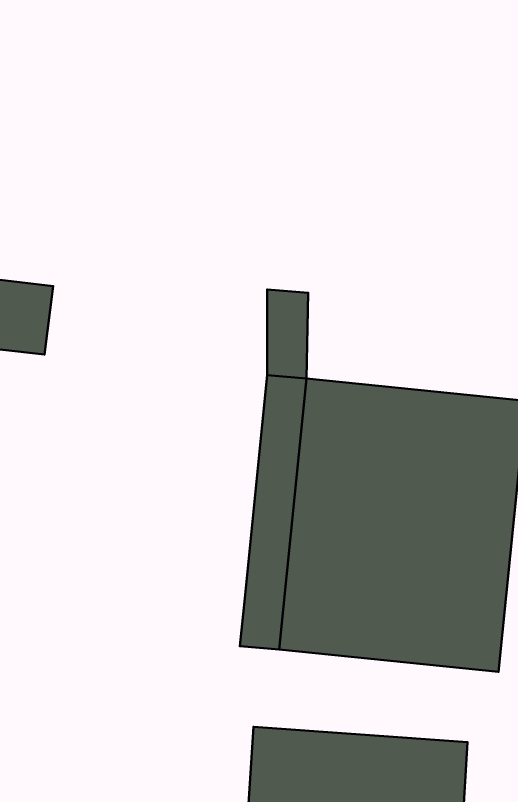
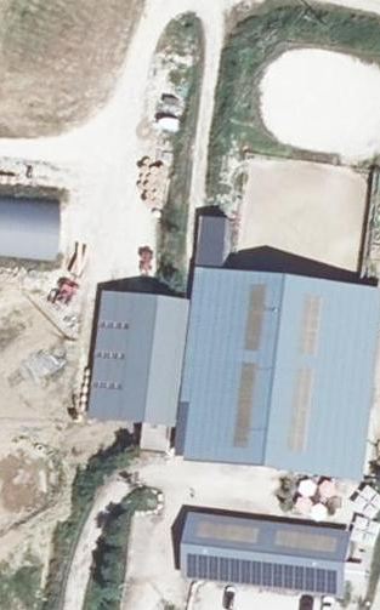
building: none -> [86,293,195,426]

